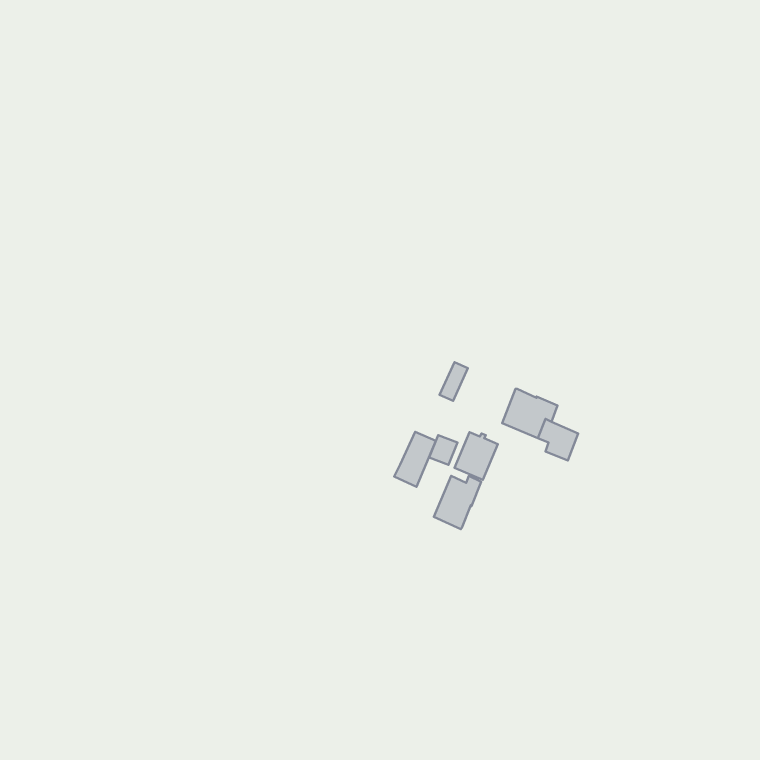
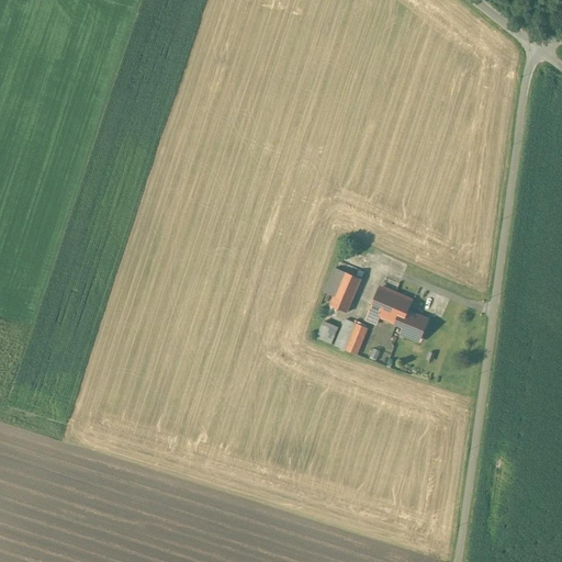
building: [394,432,436,487] -> [330,271,361,312]
building: [434,476,481,529] -> none

